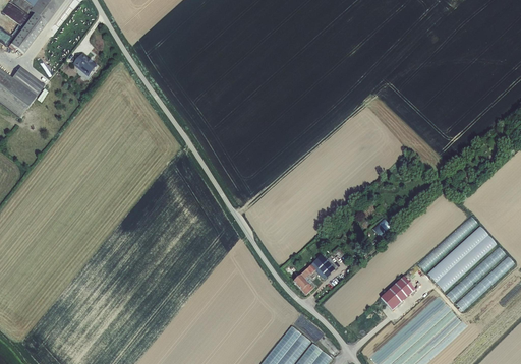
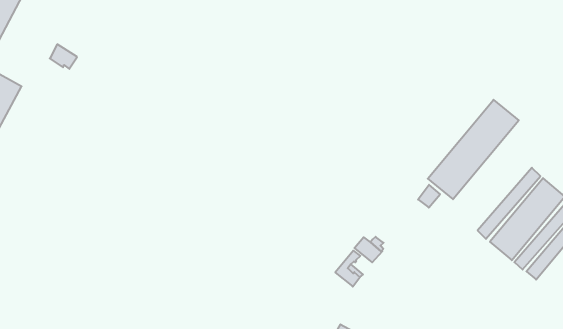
building: none -> [428,100,519,199]
building: [380,276,415,310] -> none

